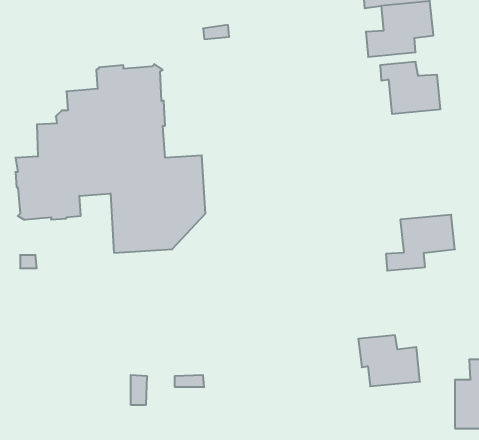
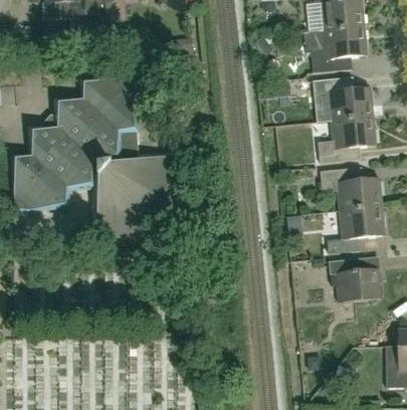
building: none -> [318,117,376,163]
building: none -> [321,167,382,210]
building: [358,335,420,386] -> [329,259,381,302]

